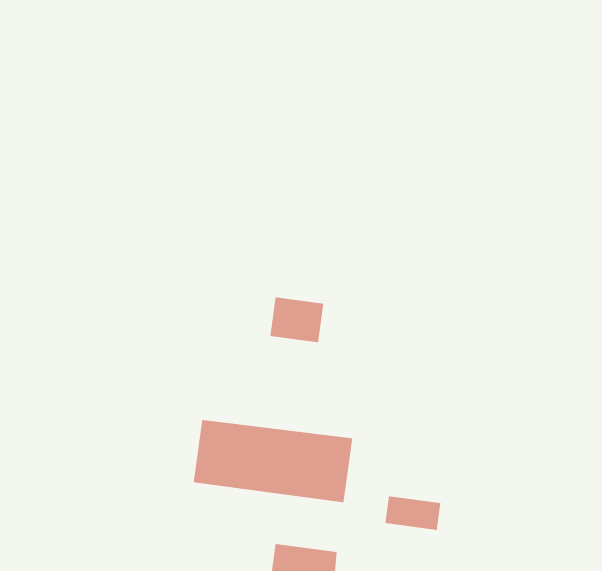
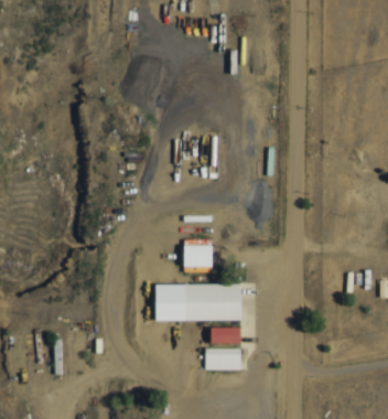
building: [270,297,324,343] -> [184,245,212,267]
building: [385,496,441,530] -> [211,327,240,343]

